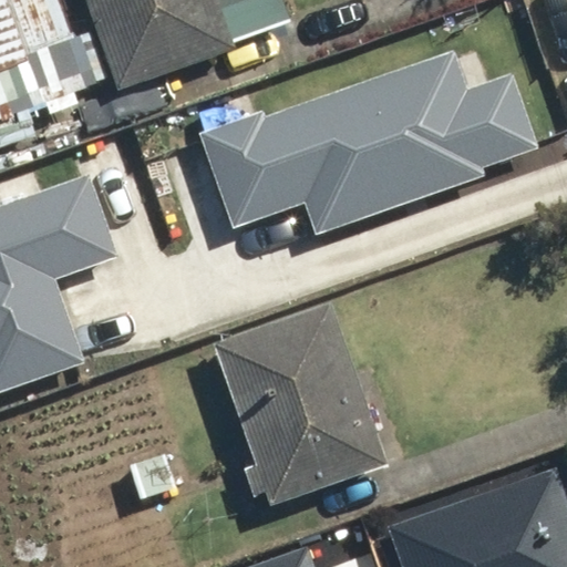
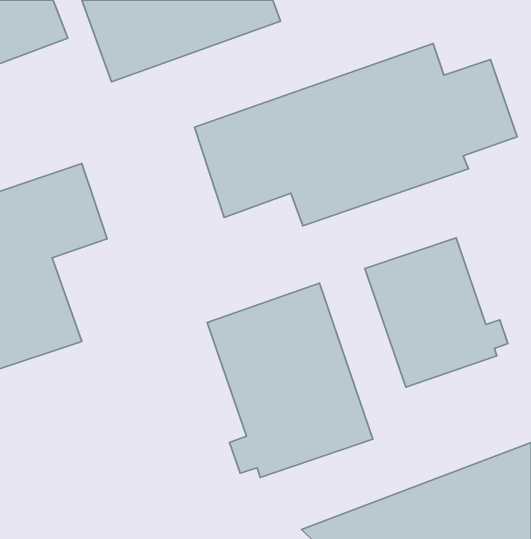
building: none -> [365,238,508,387]

